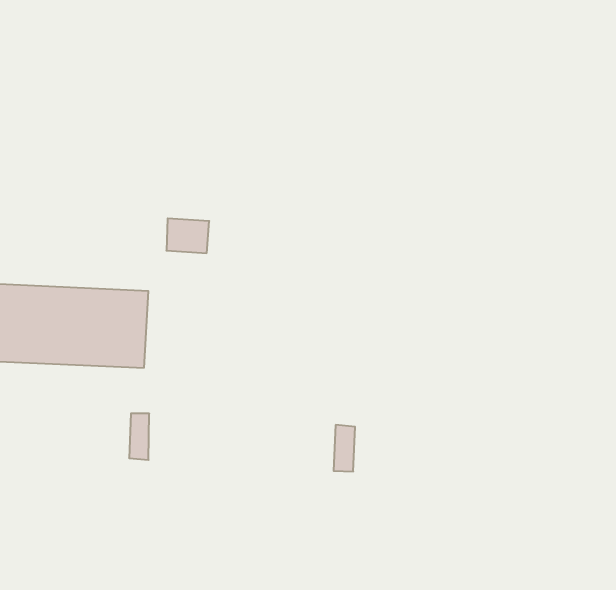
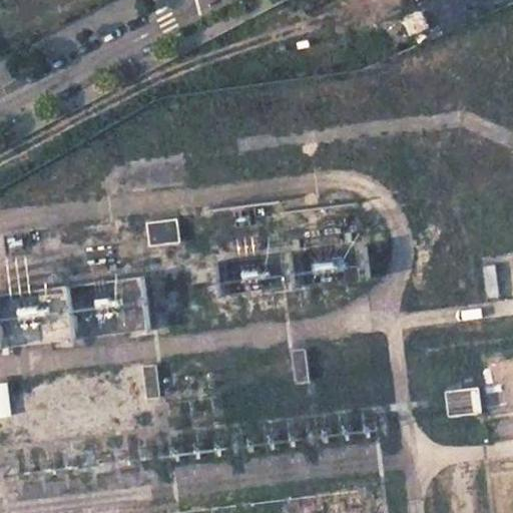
building: none -> [444,387,480,417]

